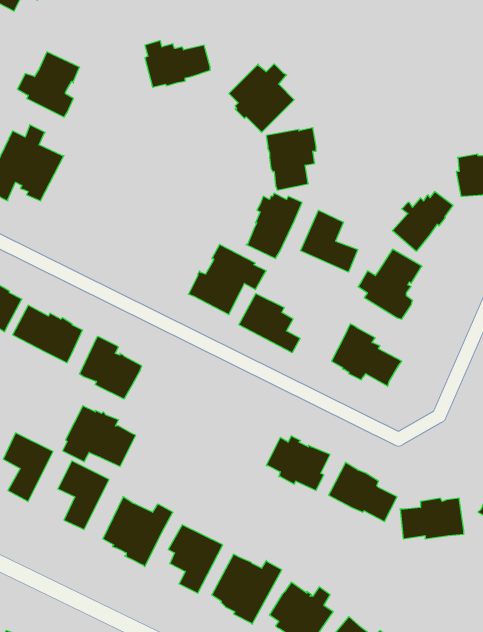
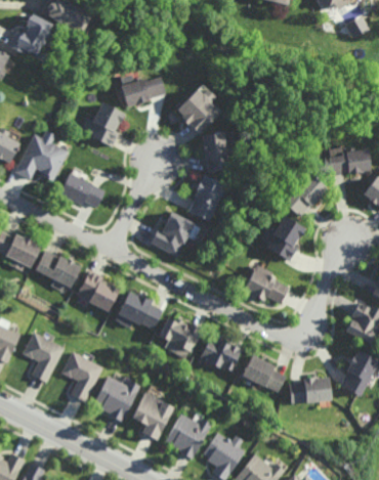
building: [17,52,80,117] -> [82,104,123,147]
building: none -> [57,174,104,208]
building: [300,210,358,272] -> none
building: [239,294,300,353] -> none
building: [63,406,136,466] -> [116,291,164,331]
building: none -> [159,317,203,358]

